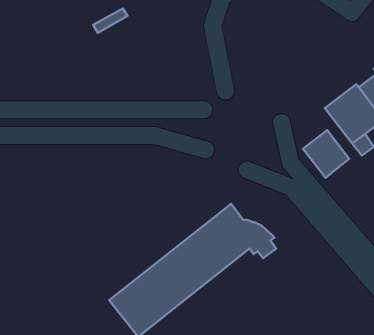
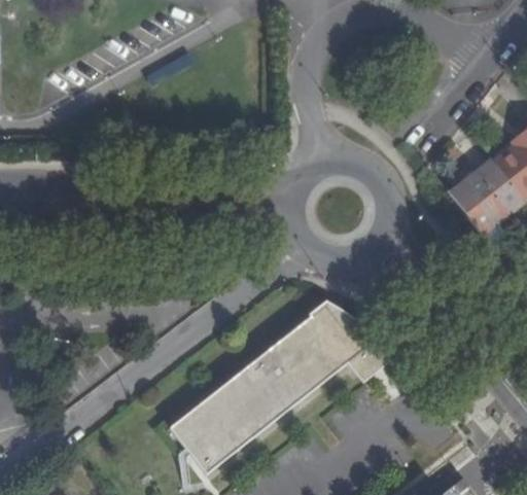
building: [303,130,349,178] -> none

